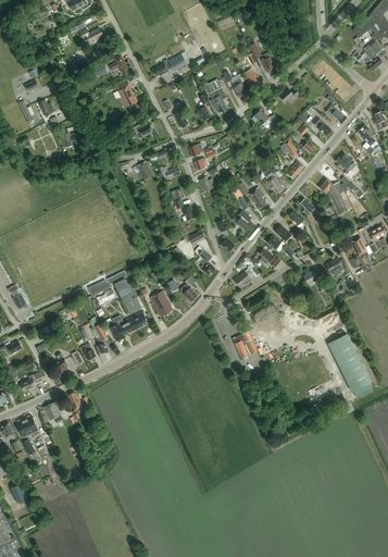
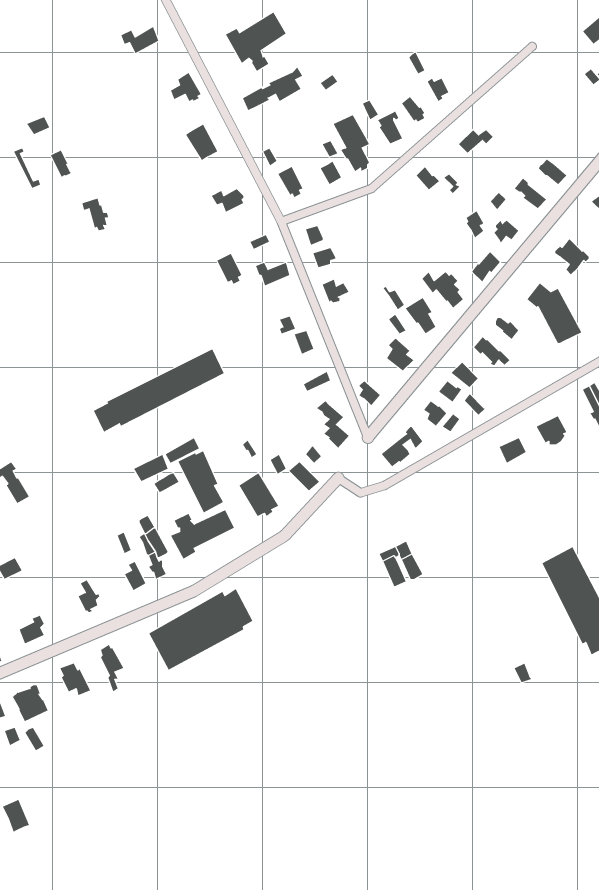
building: none -> [225,11,287,72]
building: none -> [93,349,224,432]
building: none -> [149,588,253,670]

